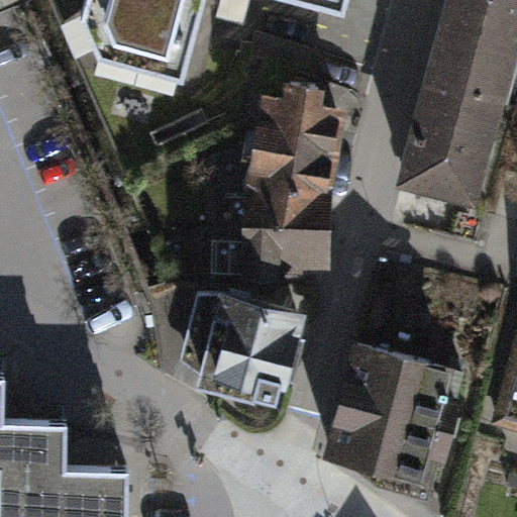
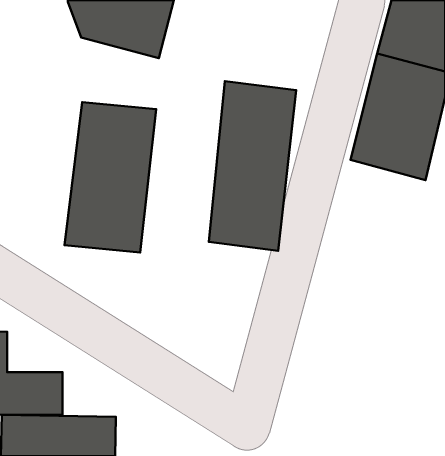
building: none -> [64,102,156,253]
building: [200,292,307,405] -> none
building: [313,332,450,497] -> none

